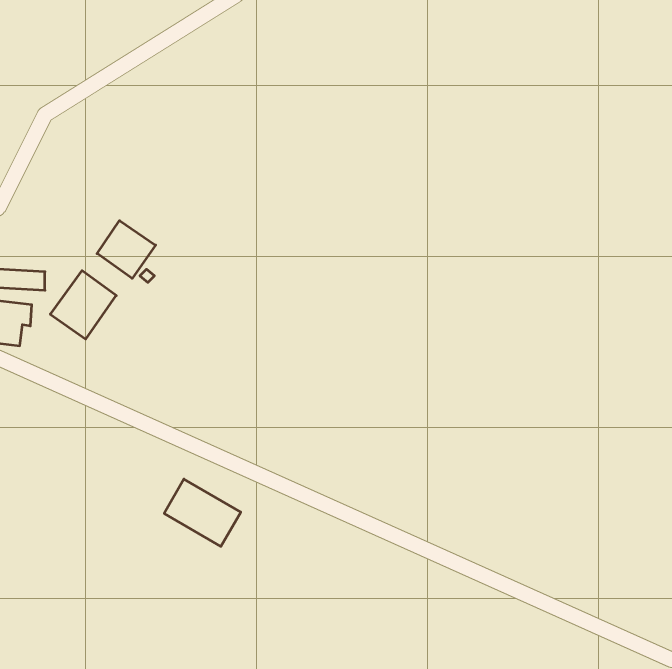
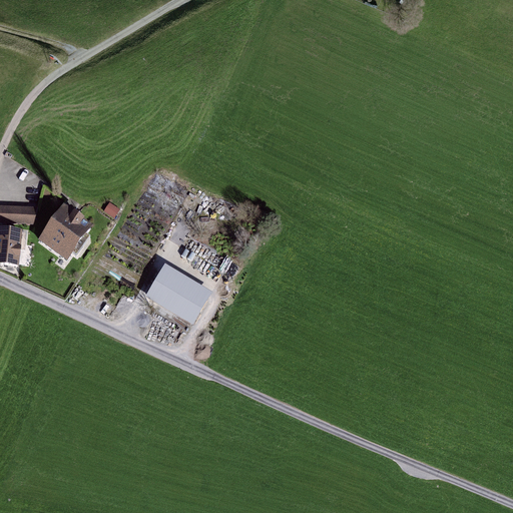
building: [97,221,156,278] -> none
building: [164,479,241,546] -> [147,269,205,320]

